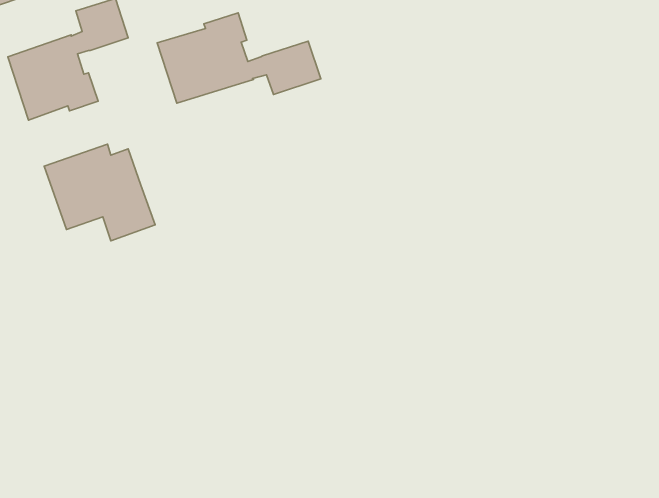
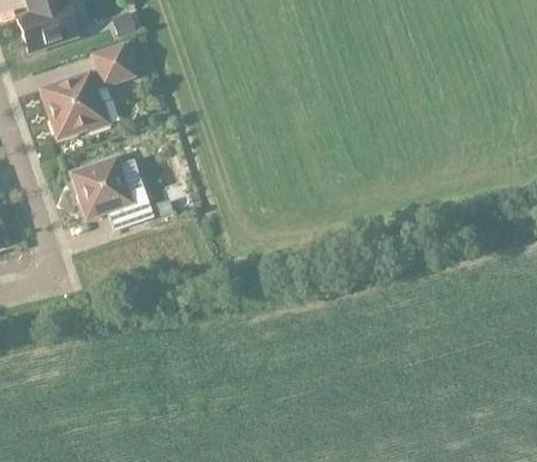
building: [157,13,321,103] -> none

